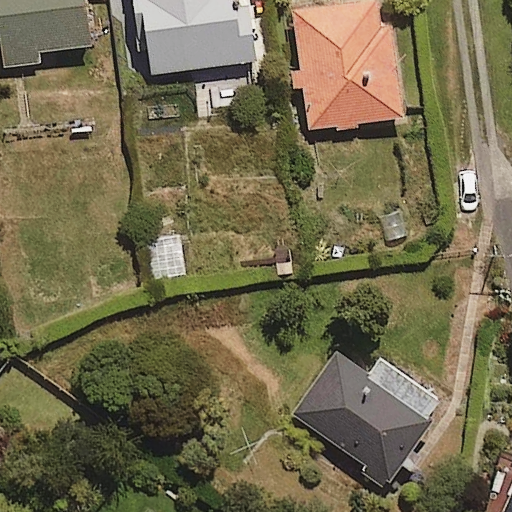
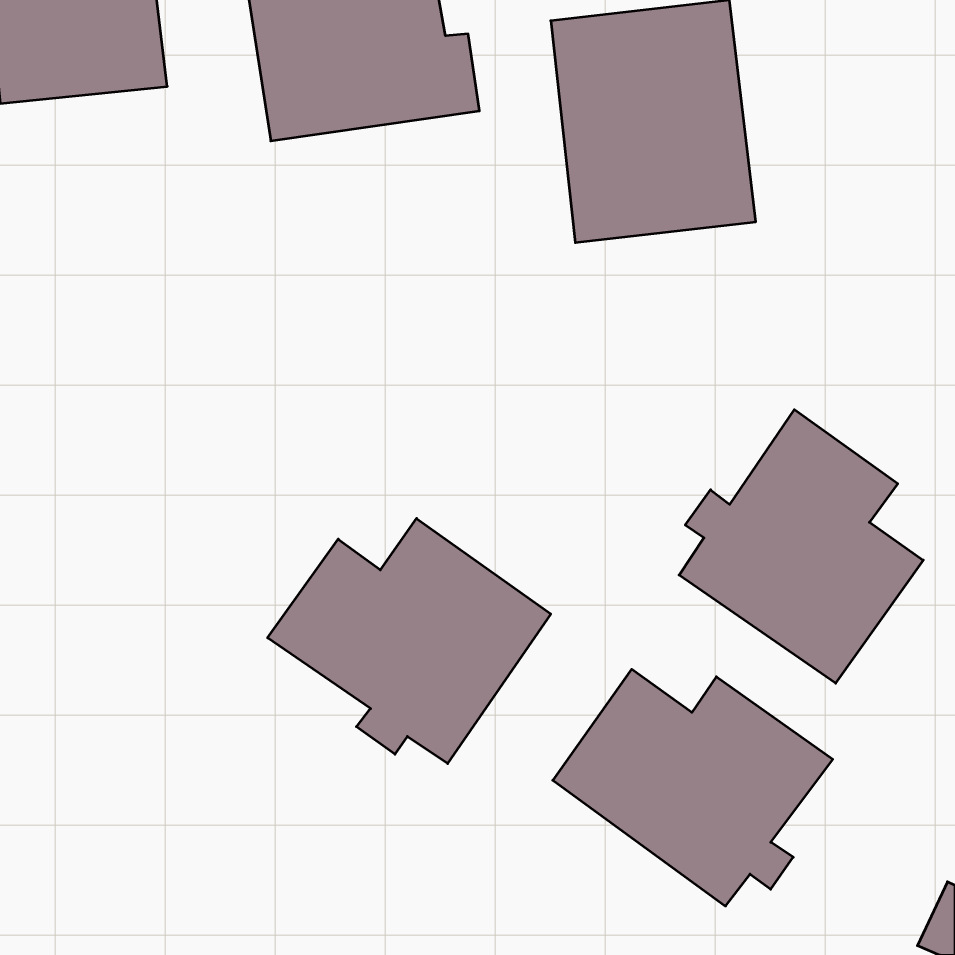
building: none -> [679,410,923,683]
building: none -> [268,518,551,764]

